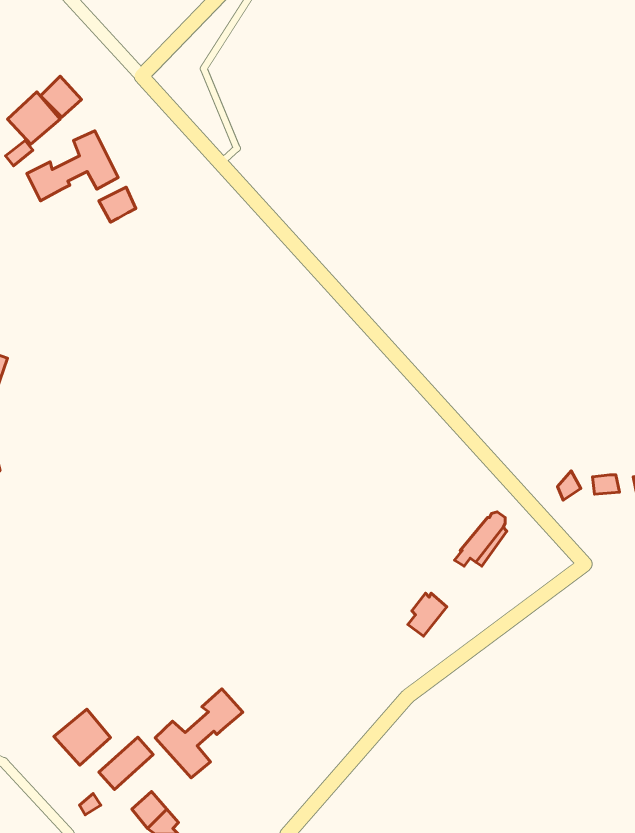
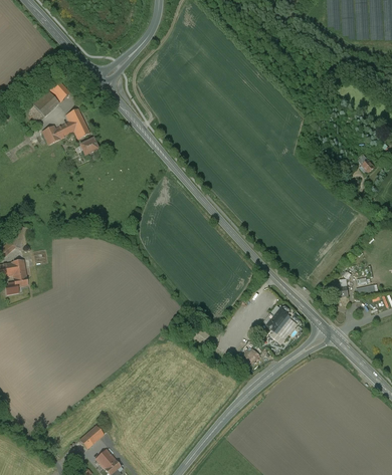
building: [155,689,243,778] -> none
building: [54,709,111,765] -> none

